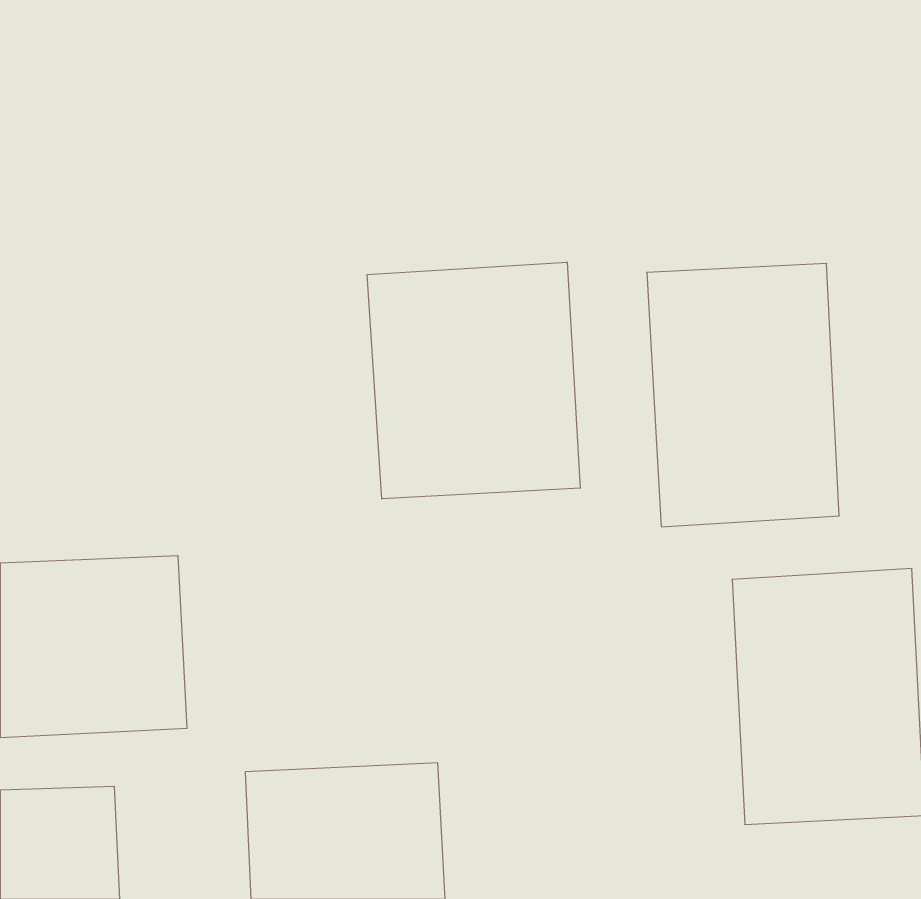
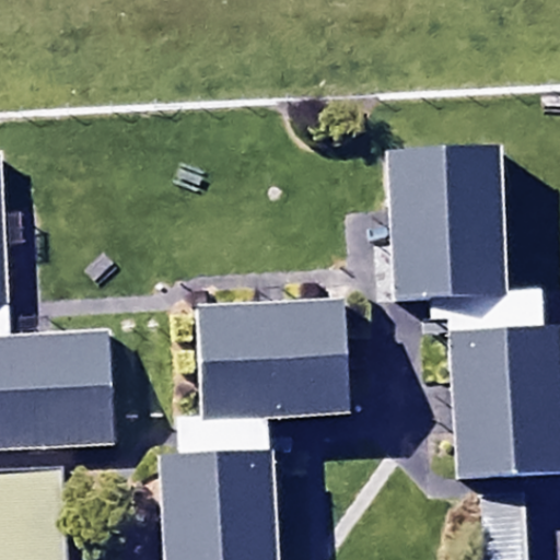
building: [367,262,580,499] -> none
building: none -> [175,318,352,441]

